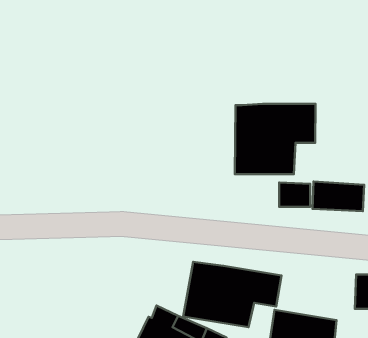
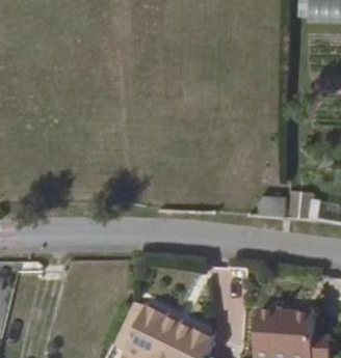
building: [235,104,316,174] -> none
building: [183,262,282,327] -> none

